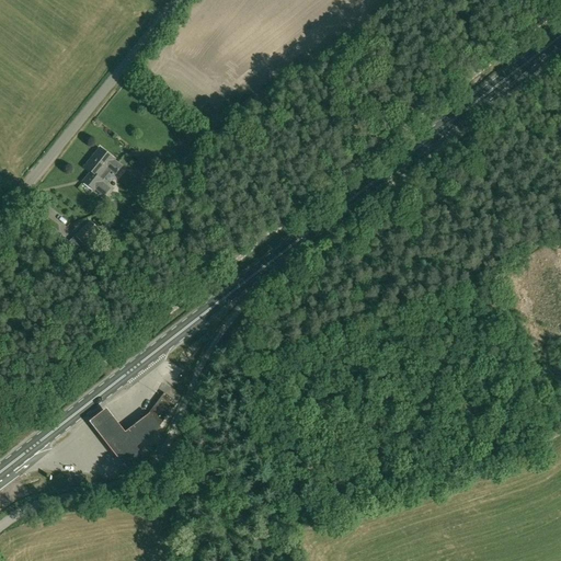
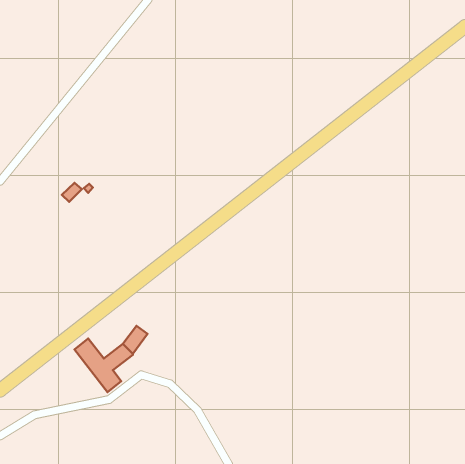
building: [83,147,122,196] -> none

